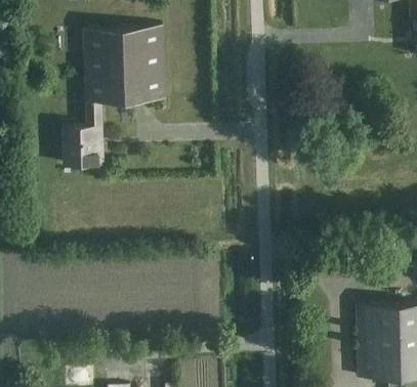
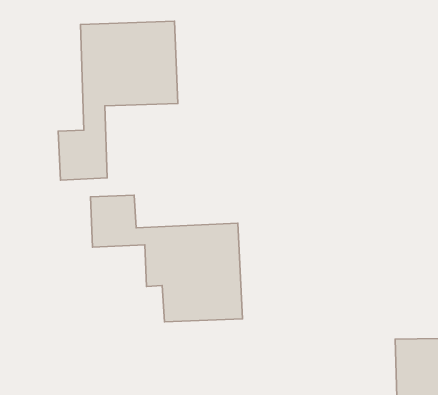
building: none -> [90,195,243,322]

